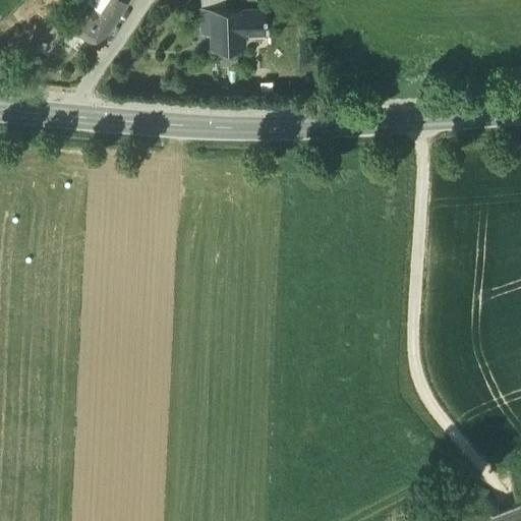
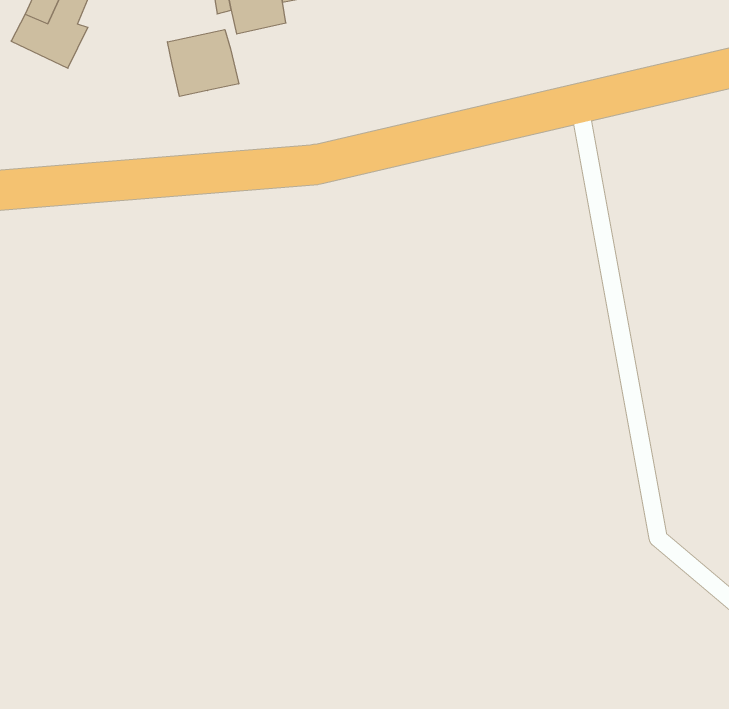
building: none -> [167,30,239,96]

